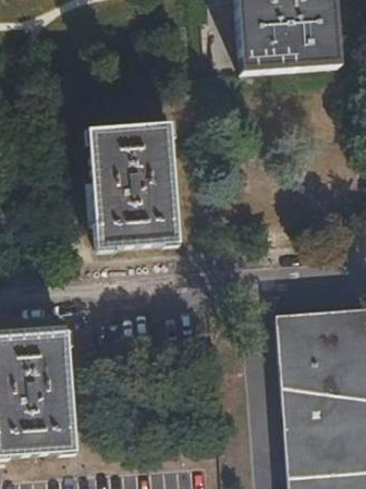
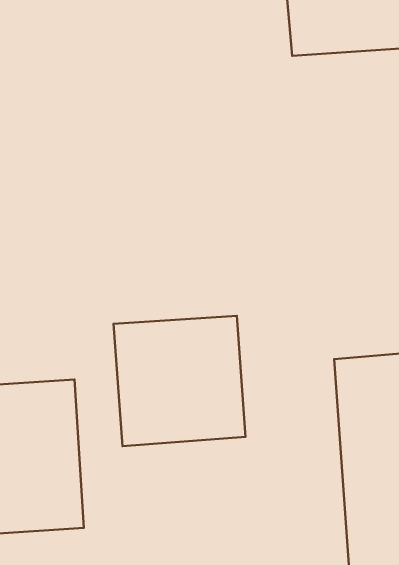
building: [89,123,179,247] -> none
building: none -> [113,316,246,446]

